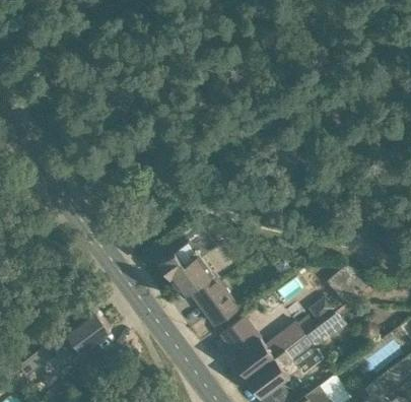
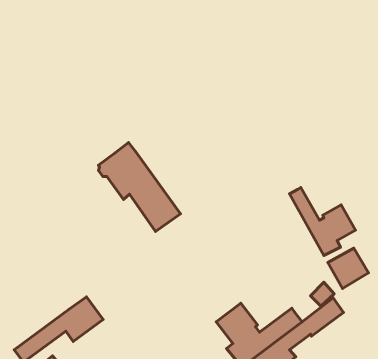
building: none -> [289,188,356,255]
building: [158,241,238,328] -> [99,142,180,232]

